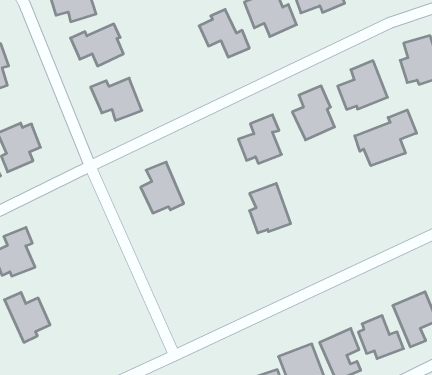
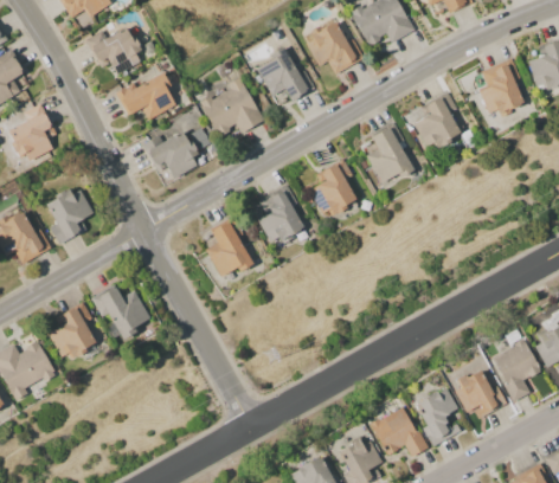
building: none -> [199,79,263,136]
building: [355,110,417,166] -> none
building: [249,183,291,233] -> [257,186,304,242]
building: [4,292,50,342] -> [97,285,149,340]

